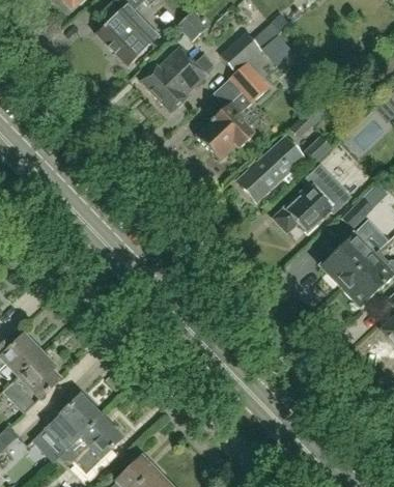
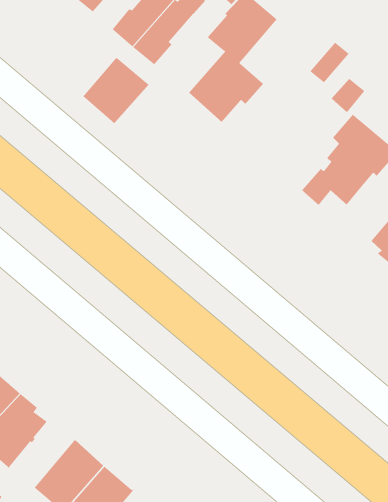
building: none -> [83,57,149,124]
building: [237,138,302,200] -> none

